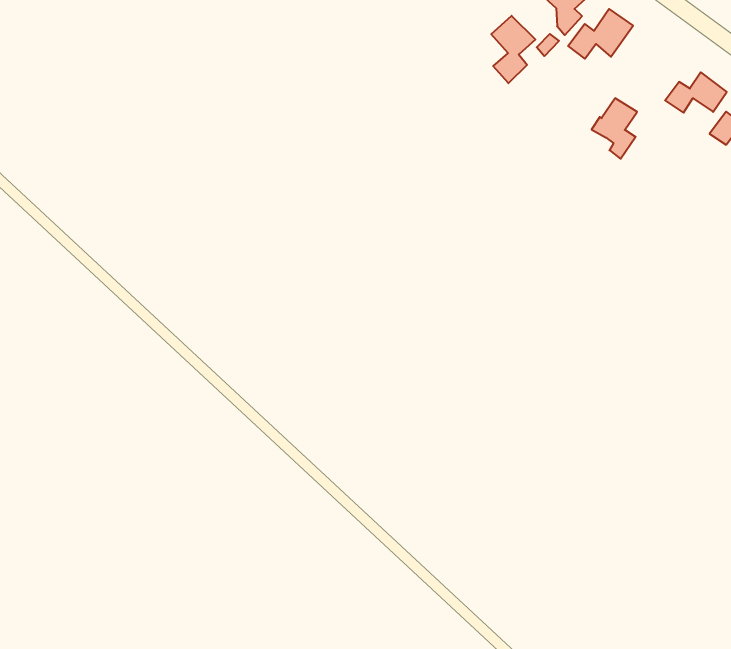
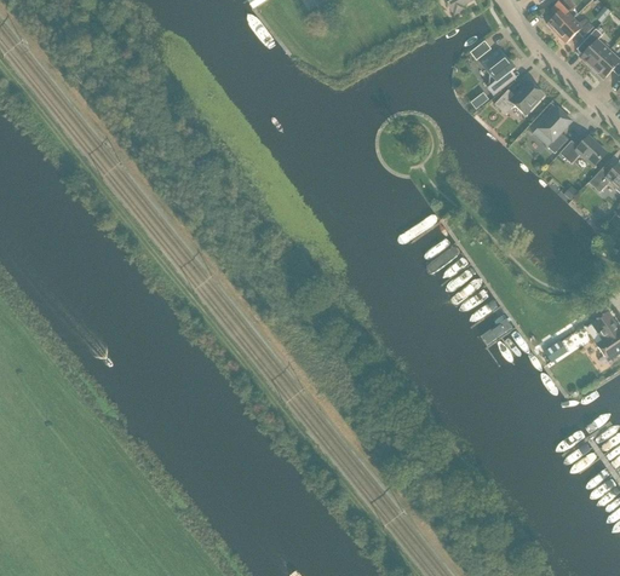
building: [491,16,535,83] -> none
building: [592,98,637,159] -> [536,108,572,152]

